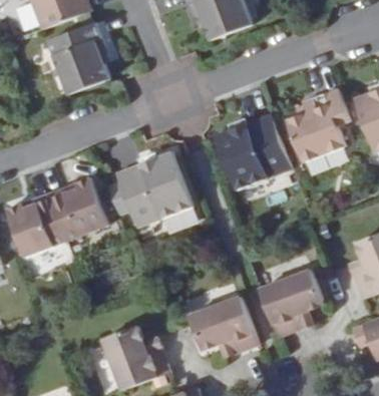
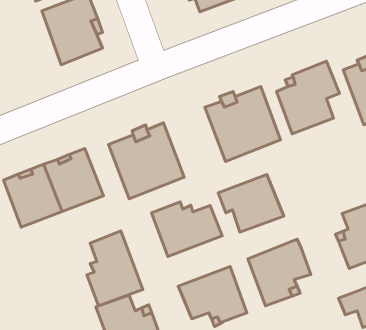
building: none -> [218,174,284,232]
building: none -> [151,202,222,256]
building: none -> [87,231,143,306]

